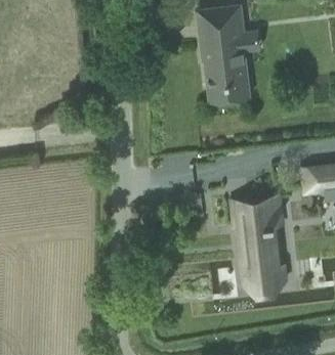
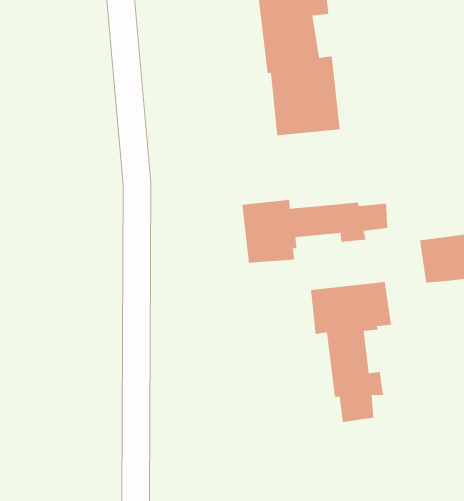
building: none -> [242,199,388,264]

